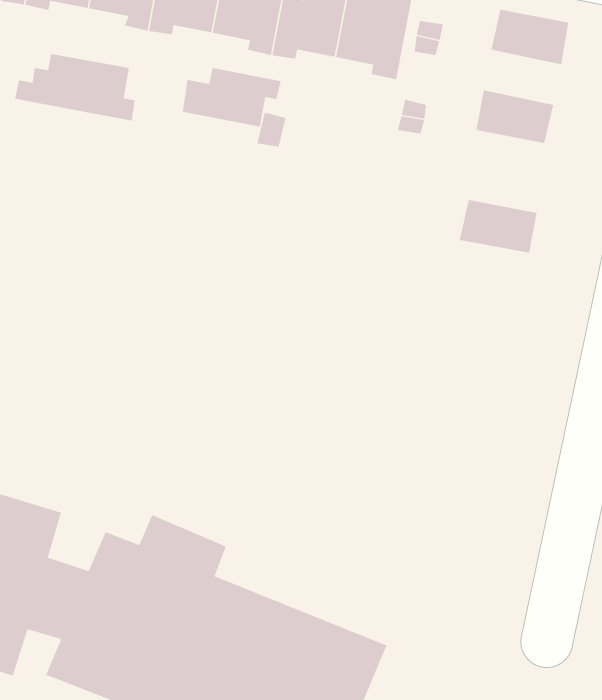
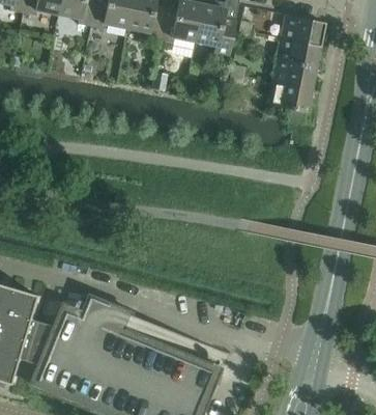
building: none -> [276,36,319,66]
building: [14,53,136,121] -> none
building: [182,67,282,127] -> none
building: [459,199,537,254] -> [266,81,310,111]

